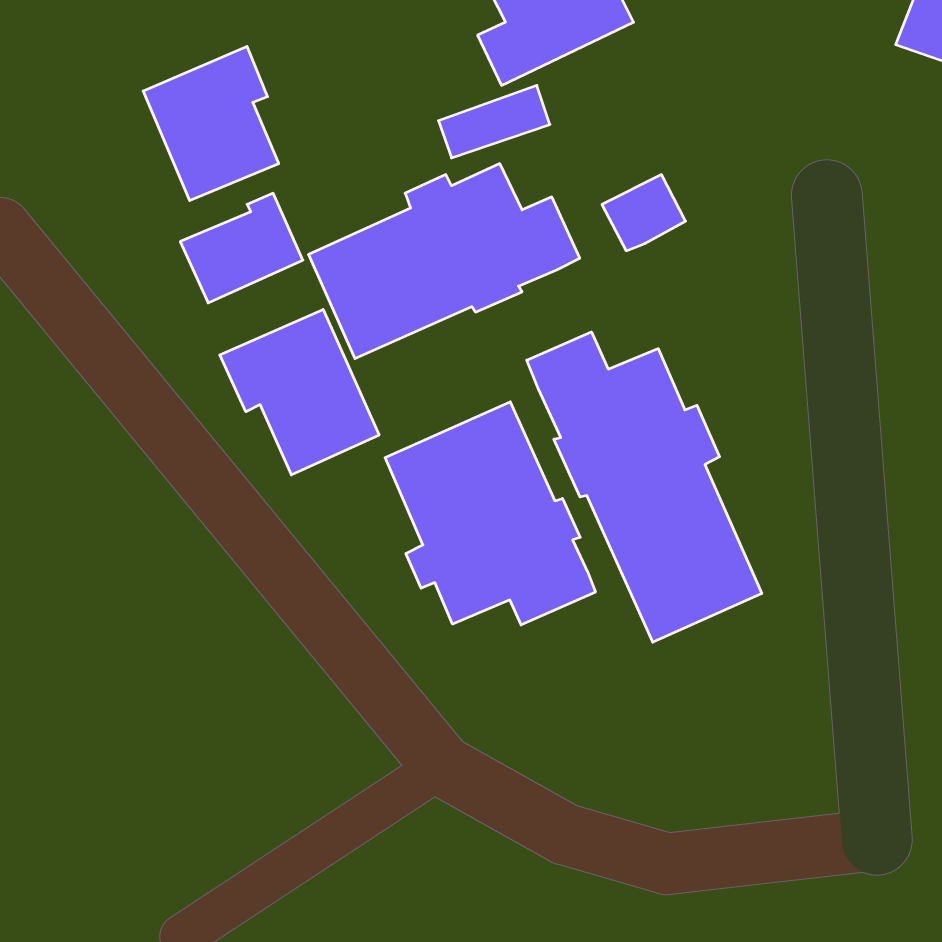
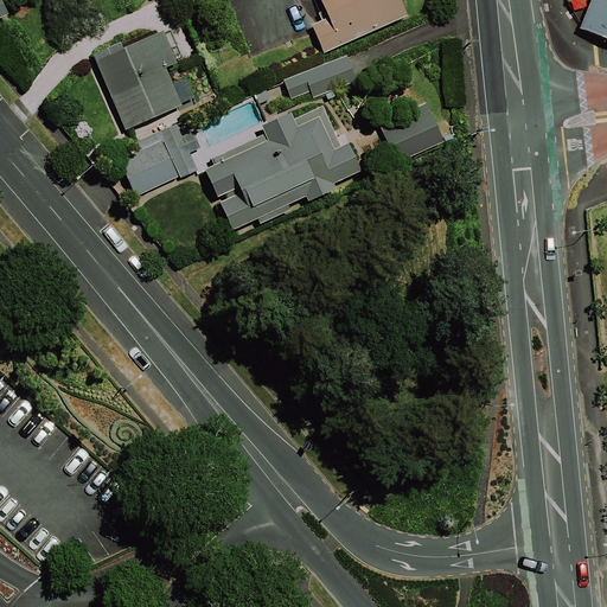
building: [220,309,379,475] -> none
building: [527,332,762,642] -> none
building: [385,402,595,625] -> none

